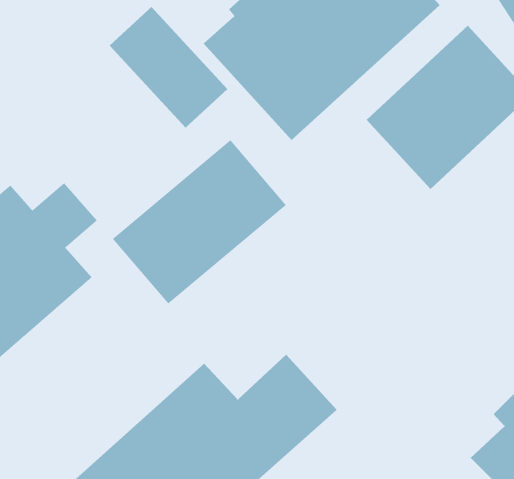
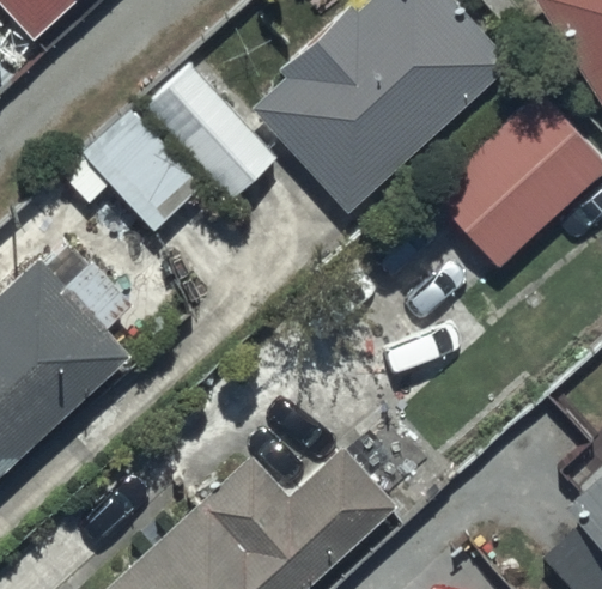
building: none -> [62,110,202,231]
building: [112,139,287,305] -> none

